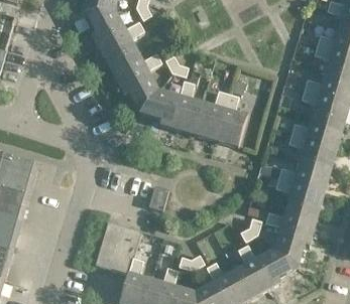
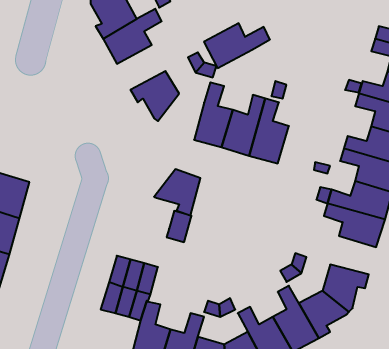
building: [107,50,160,87] -> [204,23,270,68]
building: [140,90,178,127] -> [154,169,200,215]
building: [264,204,317,236] -> none

